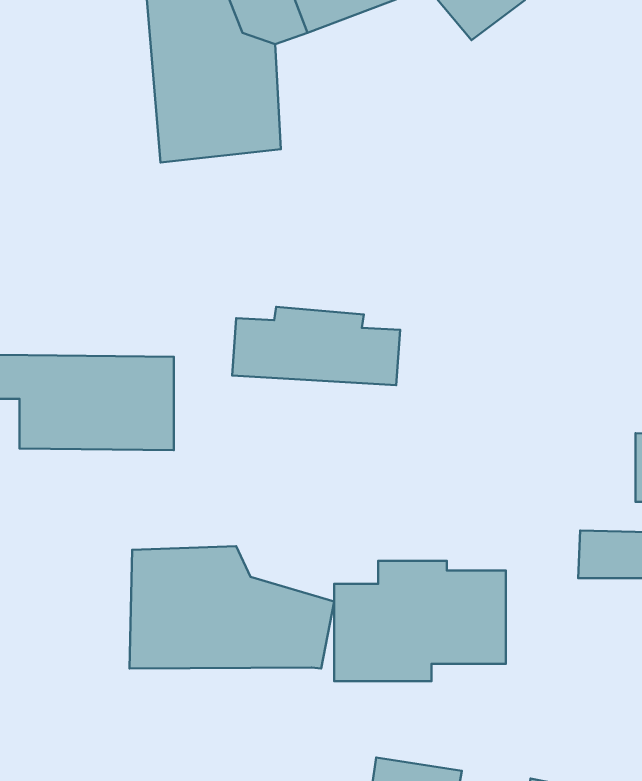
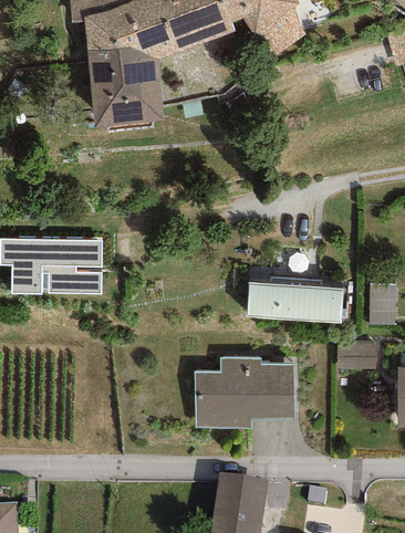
building: [232,307,400,385] -> [246,276,343,322]
building: [130,546,334,668] -> none

